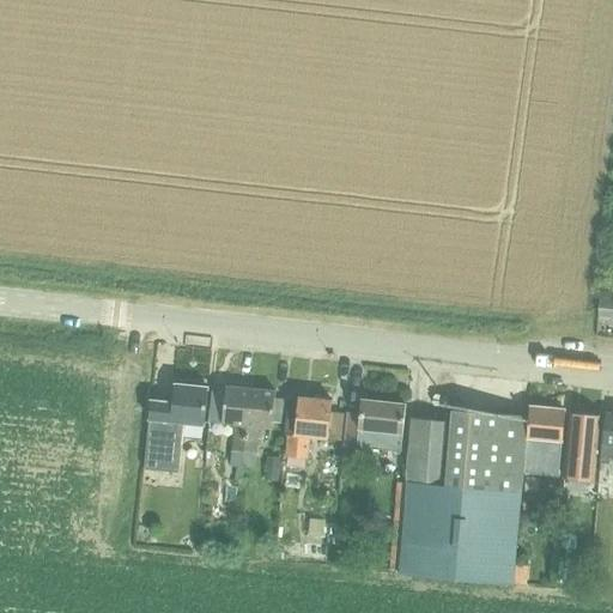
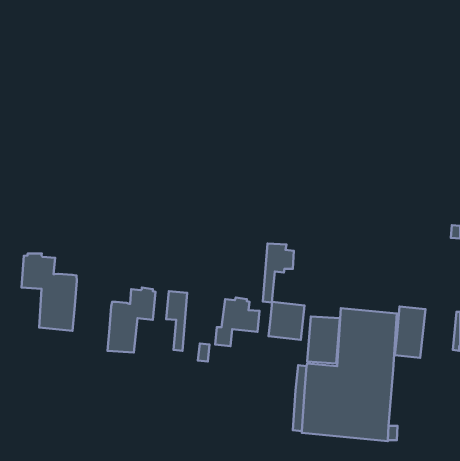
building: none -> [22,253,77,331]
building: [242,388,283,466] -> [263,244,294,302]
building: [563,413,599,480] -> none

